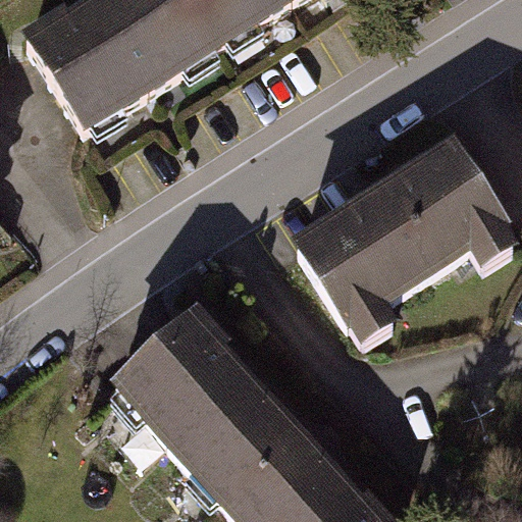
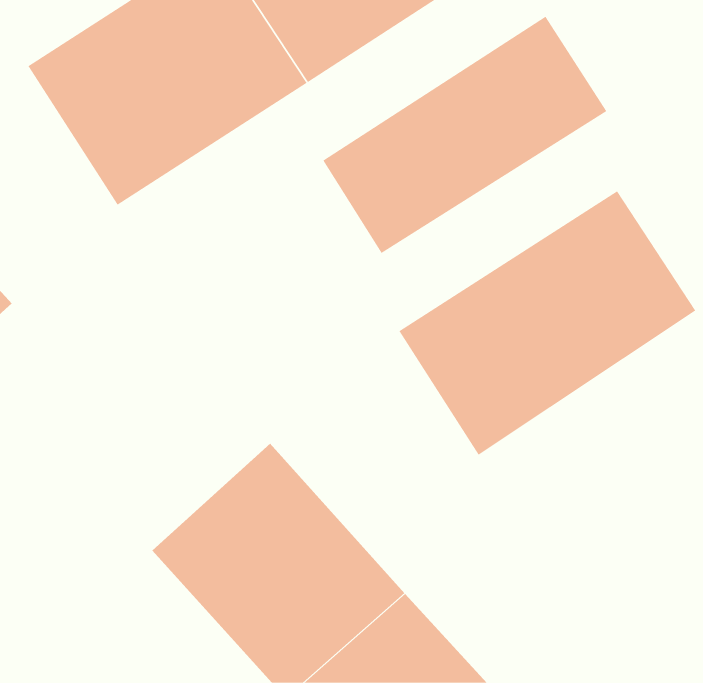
building: none -> [322,16,607,254]

